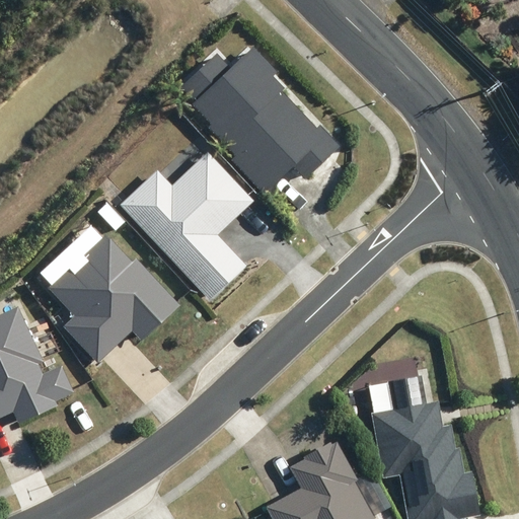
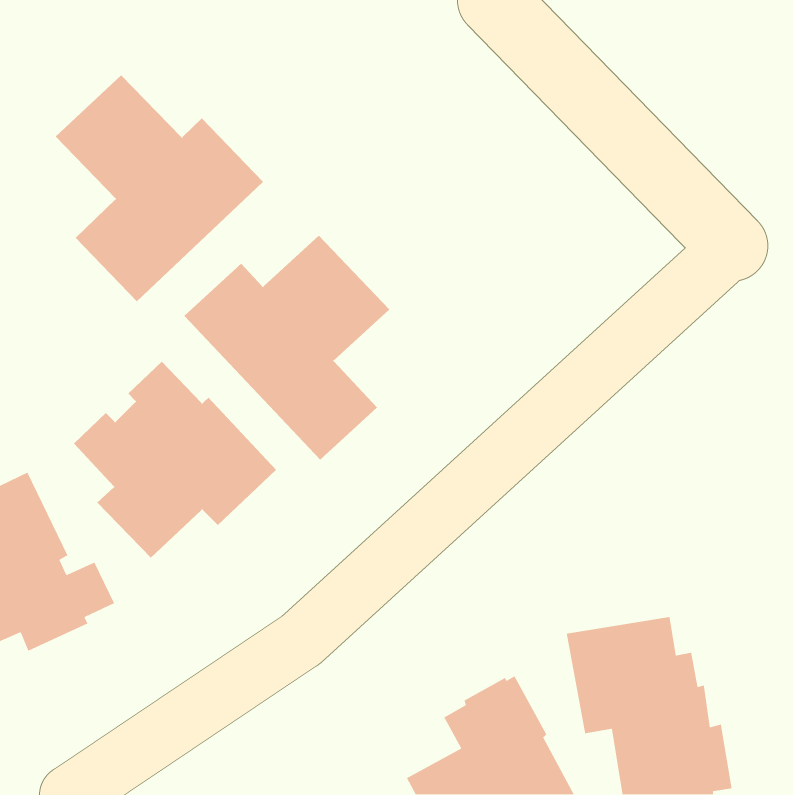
building: [180,48,340,195] -> none
building: none -> [55,75,264,302]

